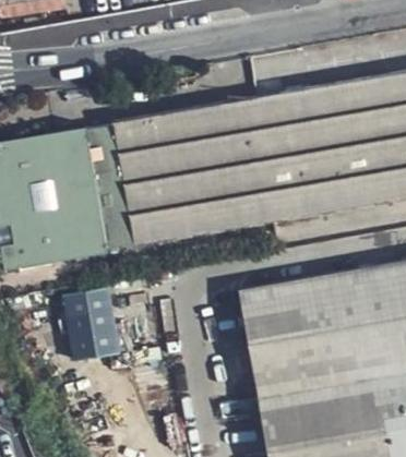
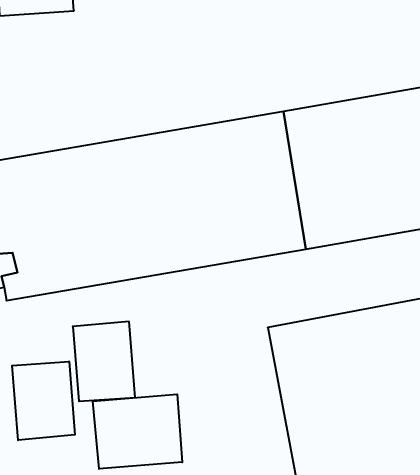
building: none -> [12,361,75,440]
building: none -> [93,394,182,469]

